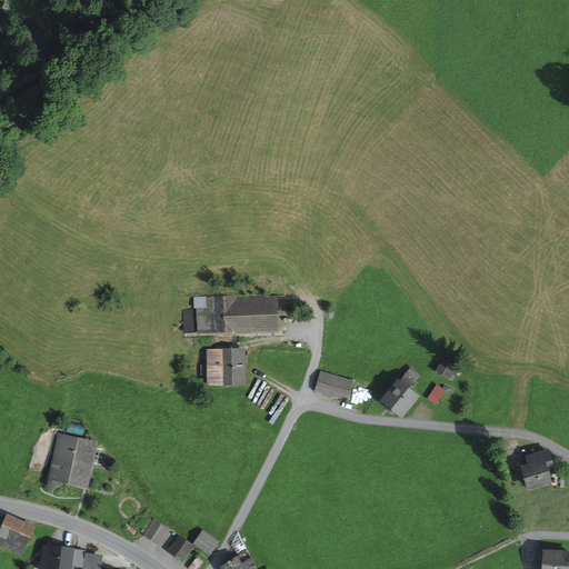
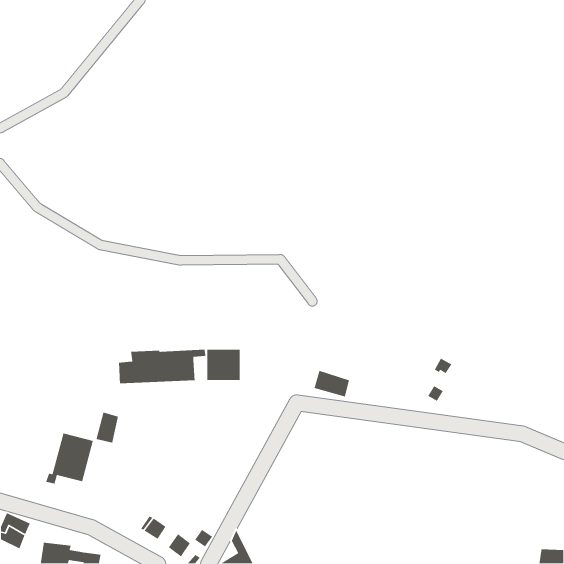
building: [197,296,286,331] -> [118,349,206,384]
building: [379,376,416,415] -> none
building: none -> [96,412,119,444]
building: [523,451,550,488] -> none

